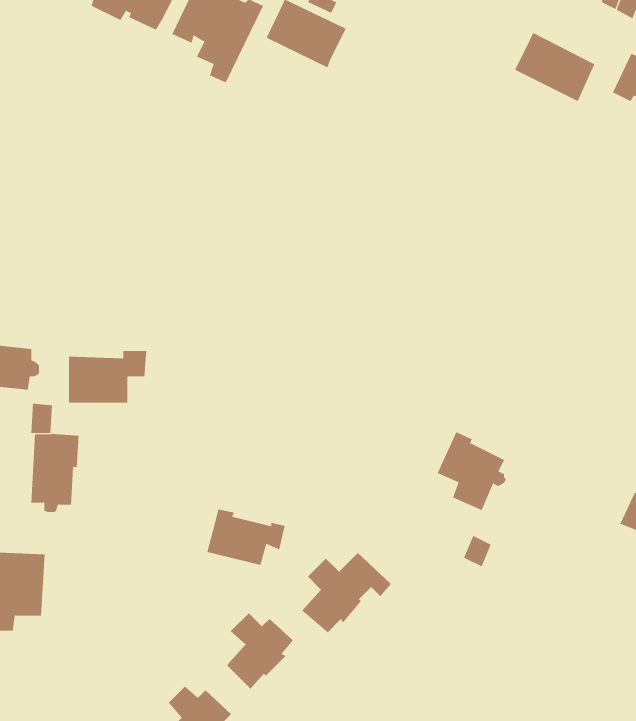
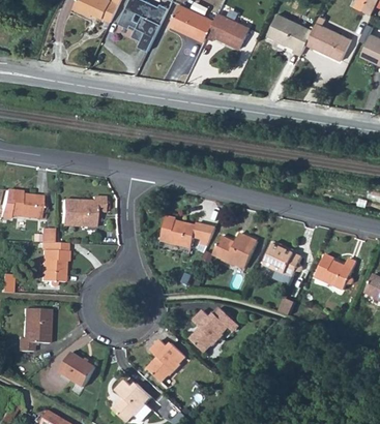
building: none -> [206,11,251,48]
building: none -> [268,12,313,54]
building: none -> [212,233,258,268]
building: none -> [315,254,356,290]
building: [207,509,286,565] -> [160,216,204,247]
building: none -> [60,352,96,386]

